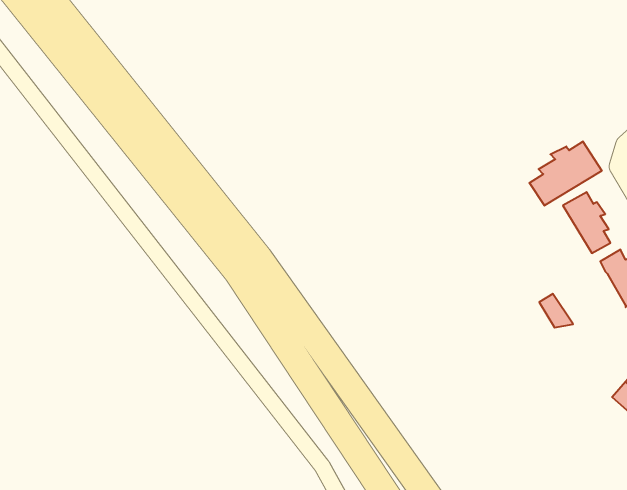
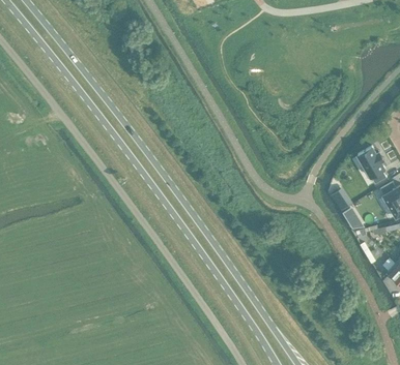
building: [529,141,602,206] -> none

